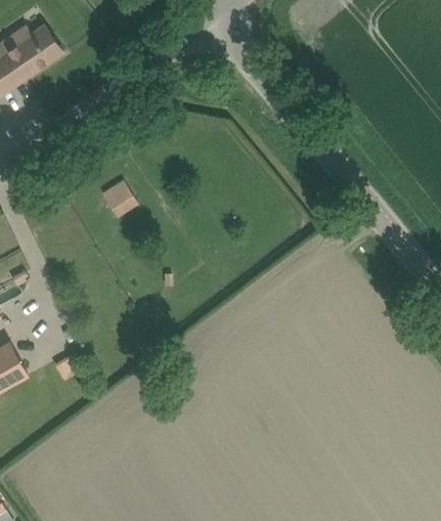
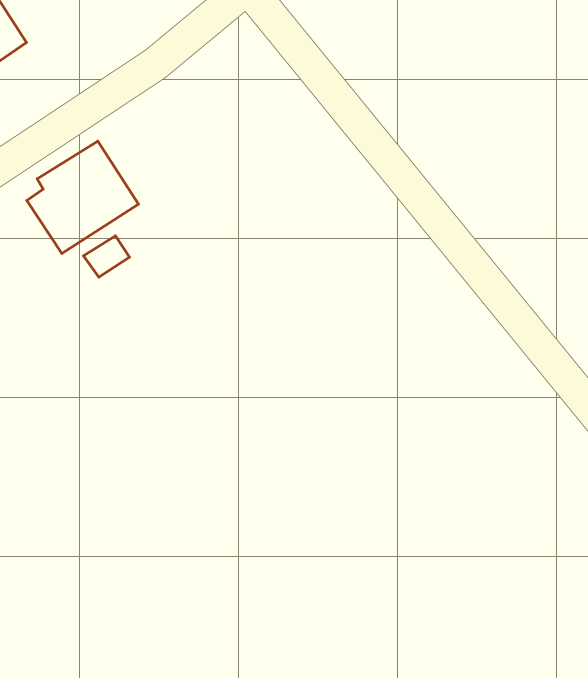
building: none -> [27,141,139,254]

